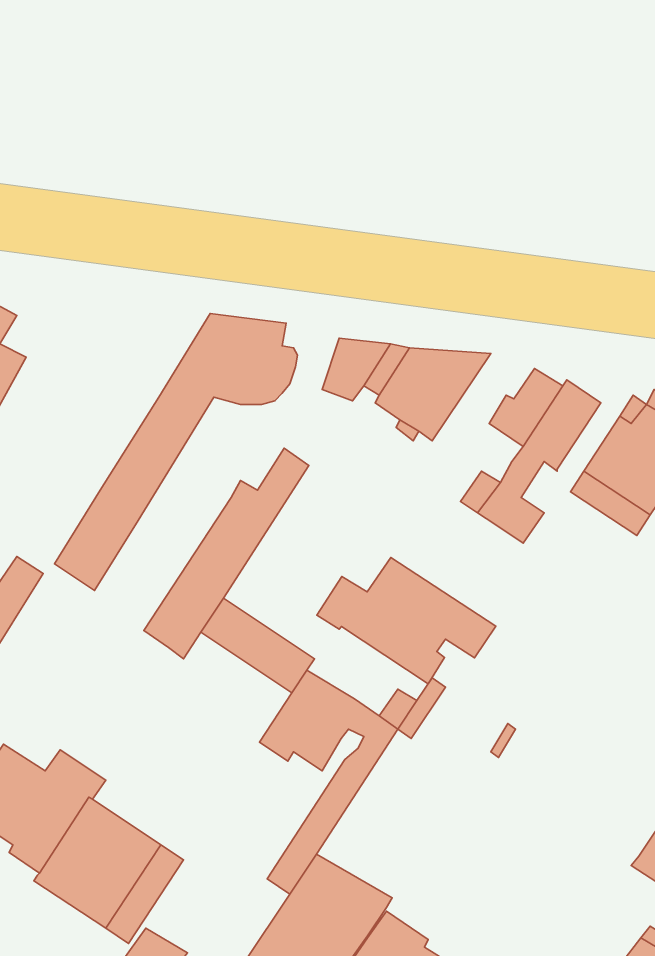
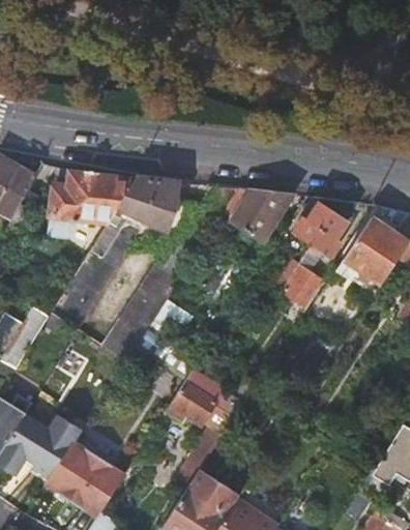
building: none -> [49,167,140,220]
building: [317,558,496,684] -> none

